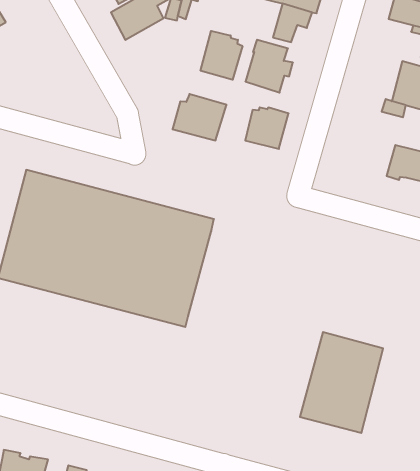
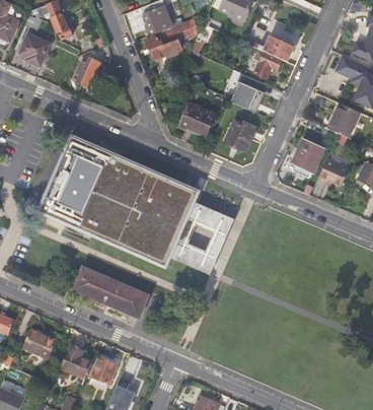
building: [201,31,242,80] -> none
building: none -> [72,59,98,86]
building: none -> [292,138,325,173]
building: [300,332,383,433] -> [167,200,231,273]
building: none -> [72,266,148,317]

